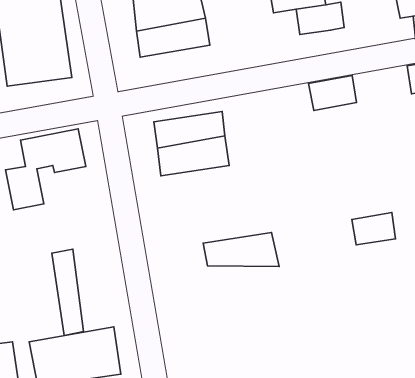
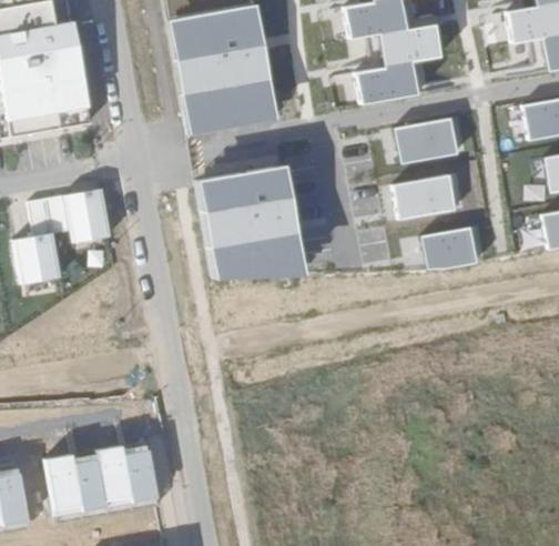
building: none -> [355,61,428,104]
building: none -> [182,80,277,136]
building: none -> [392,175,457,219]
building: [352,213,395,245] -> [420,226,476,267]
building: [203,233,279,267] -> [209,233,305,276]
building: [52,249,84,336] -> none

